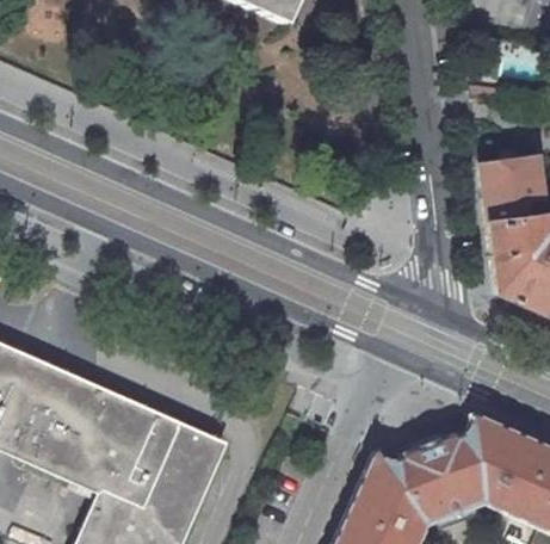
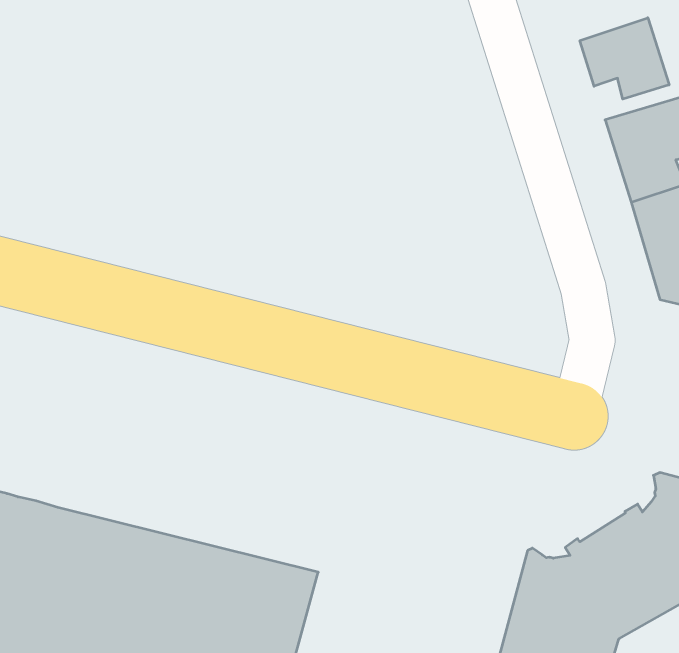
building: none -> [580,18,669,99]

